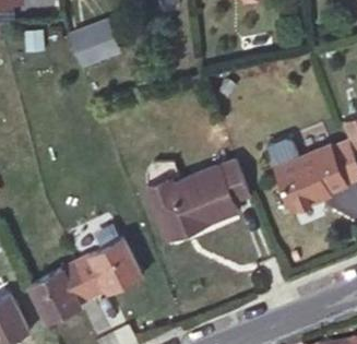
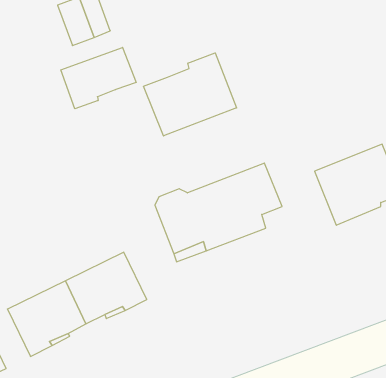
building: none -> [61,47,136,109]
building: none -> [143,53,237,136]

